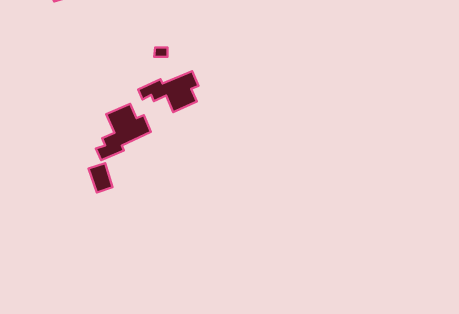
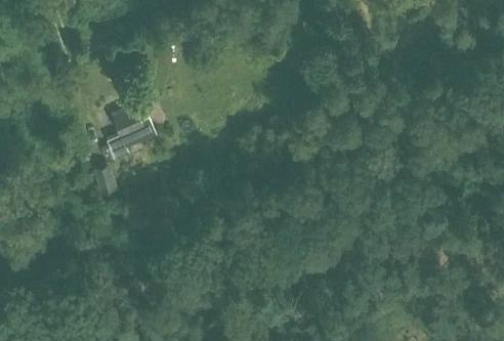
building: [138,71,198,112] -> none

